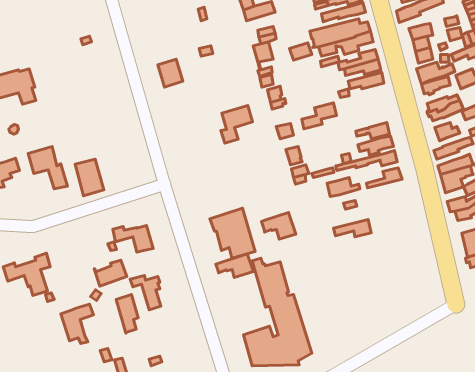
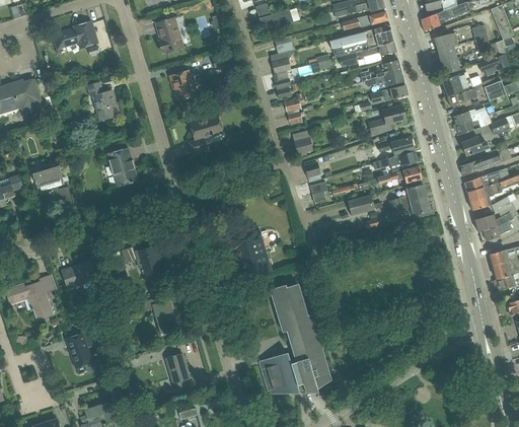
building: none -> [156,17,181,53]
building: none -> [53,21,97,49]
building: none -> [87,82,119,120]
building: [302,103,337,129] -> [369,105,405,133]
building: [221,106,253,143] -> [189,115,222,154]
building: [75,159,104,196] -> [107,148,138,187]
building: [261,213,296,239] -> none
building: [334,219,371,237] -> [390,197,430,215]
building: [216,254,254,277] -> none
building: [94,260,127,286] -> [62,261,96,288]
building: [116,295,138,333] -> [166,353,190,394]

